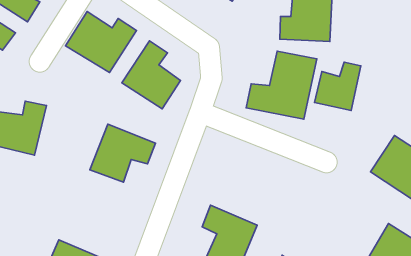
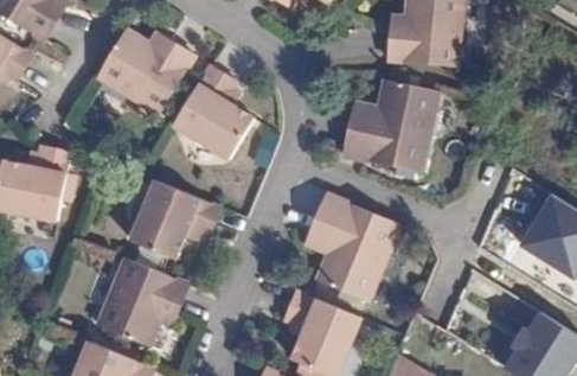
building: [314,62,361,110] -> none
building: none -> [306,191,396,301]
building: none -> [96,255,187,343]

